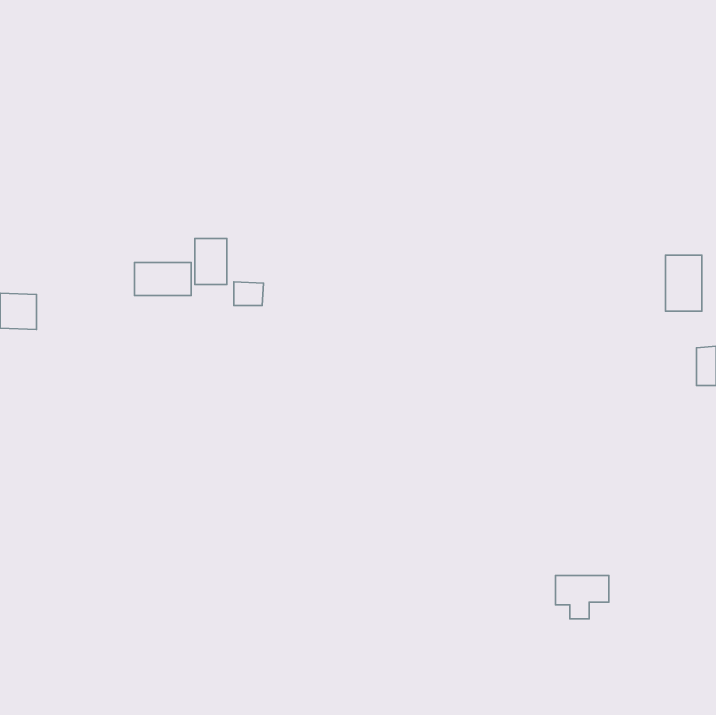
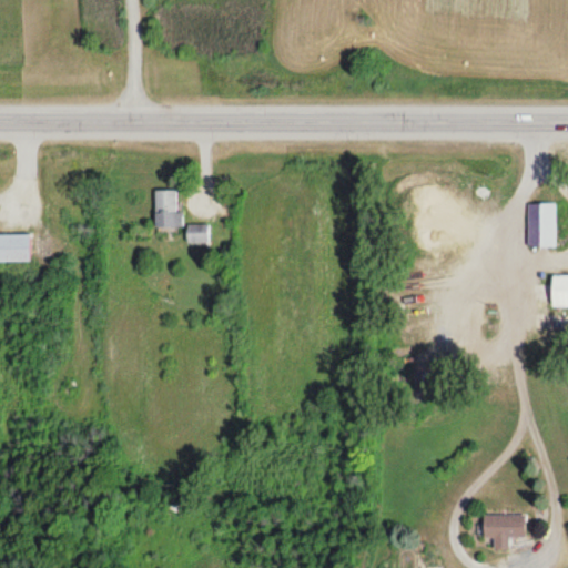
building: [135,263,191,295] -> none
building: [556,576,609,619] -> [483,515,525,549]

